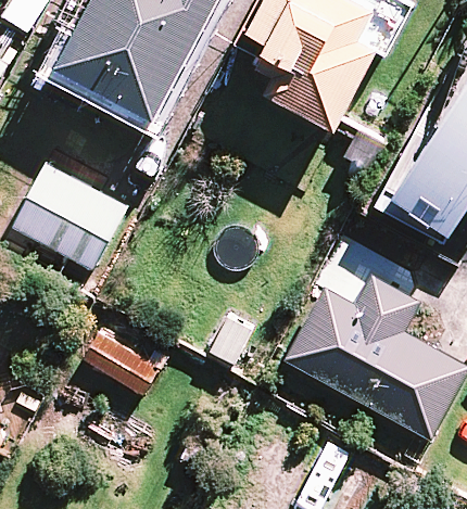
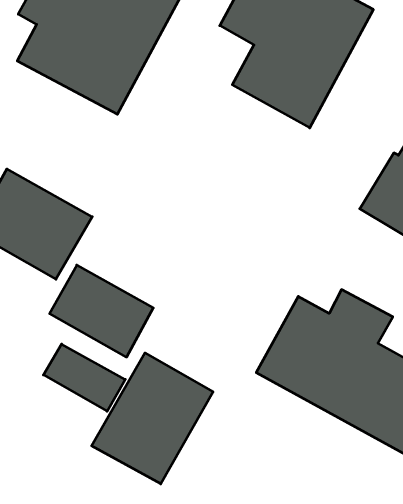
building: none -> [50,265,153,357]
building: none -> [92,353,213,484]

